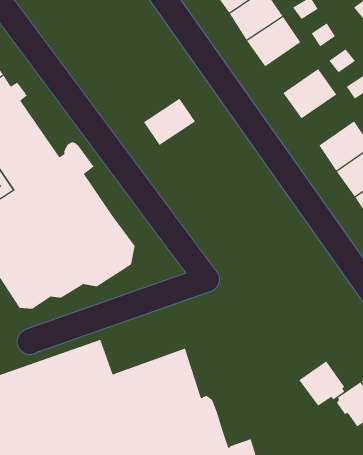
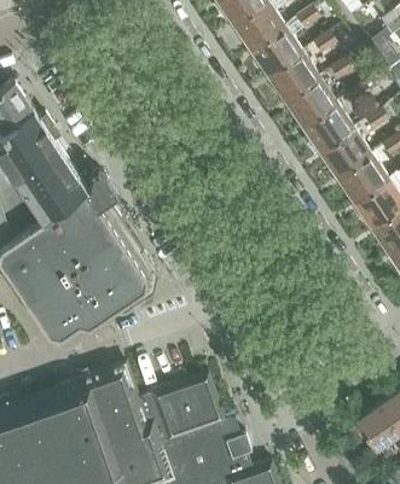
building: none -> [285,76,337,126]
building: none -> [320,127,372,176]
building: [143,98,196,146] -> none
building: [298,361,345,406] -> none

